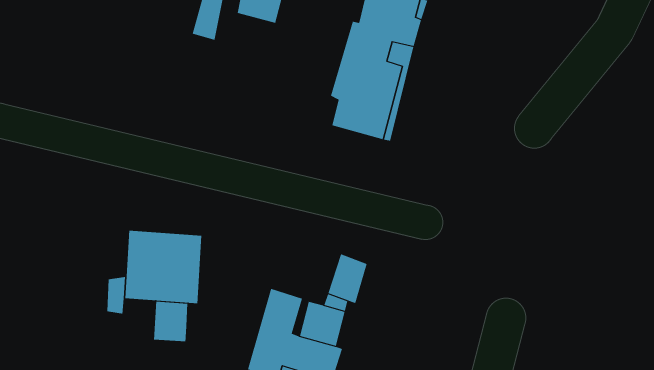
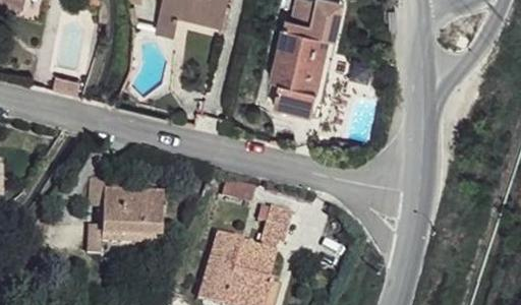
building: [154,301,188,342] -> none

